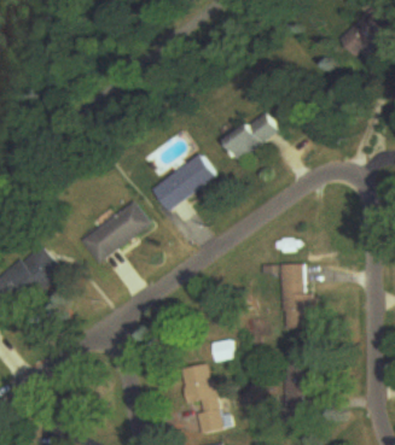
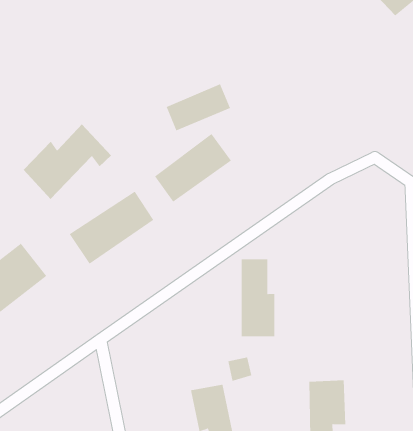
building: [223,116,278,156] -> [166,84,231,131]
building: none -> [23,123,112,200]
building: [279,263,308,328] -> [241,259,275,337]

